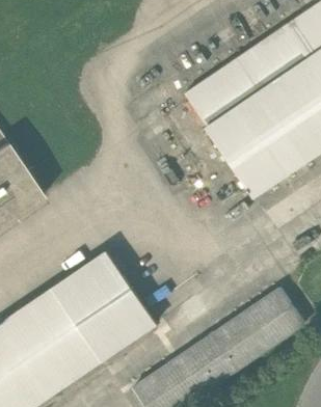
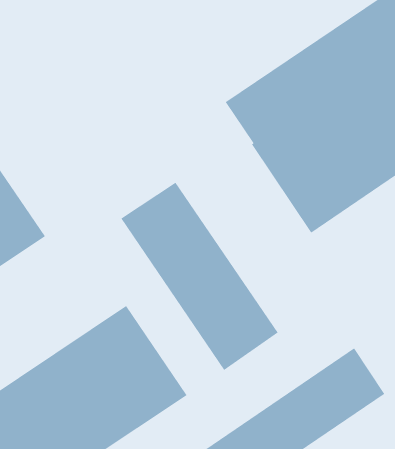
building: none -> [121,182,279,371]

